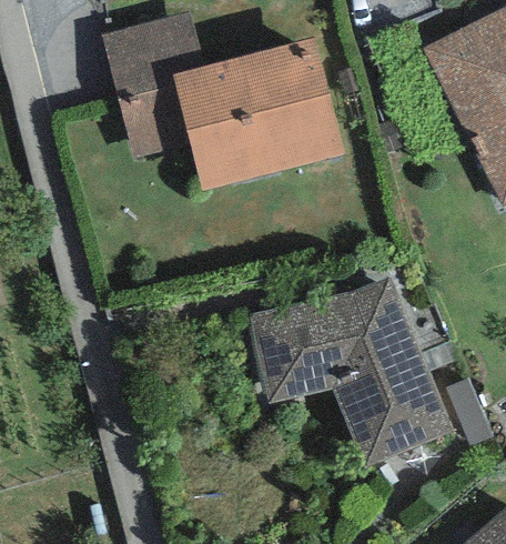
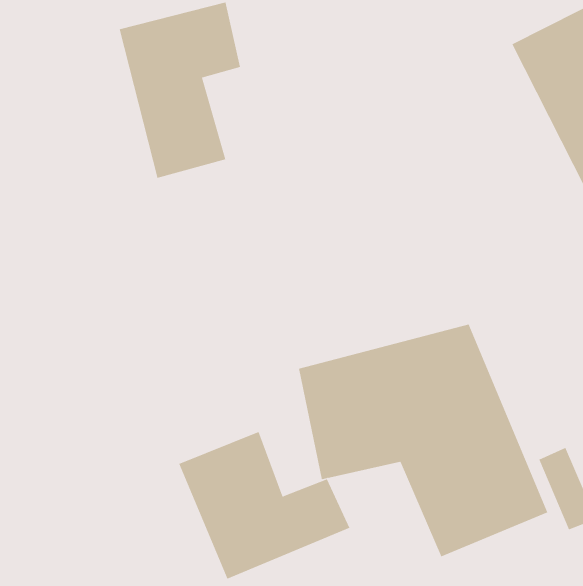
building: [172,38,345,191] -> none
building: none -> [179,431,350,580]

